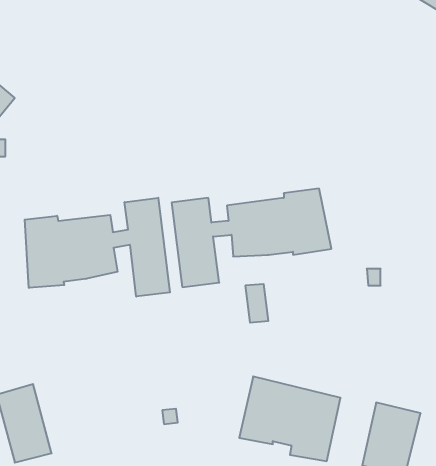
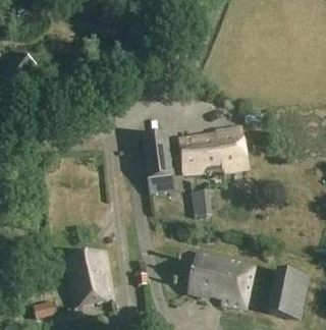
building: [25,198,170,297] -> none
building: none -> [66,250,112,307]

